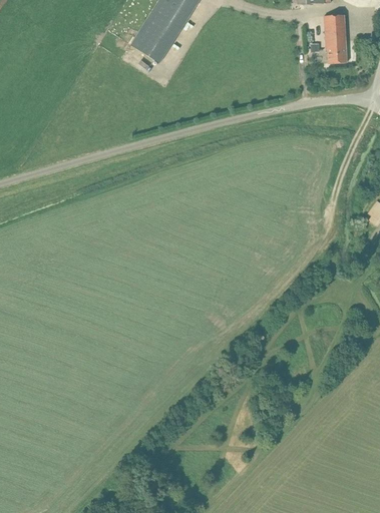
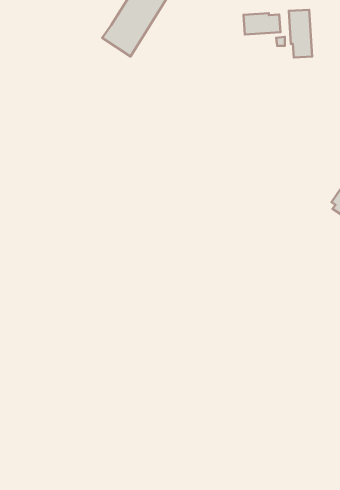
building: none -> [243,13,281,34]

